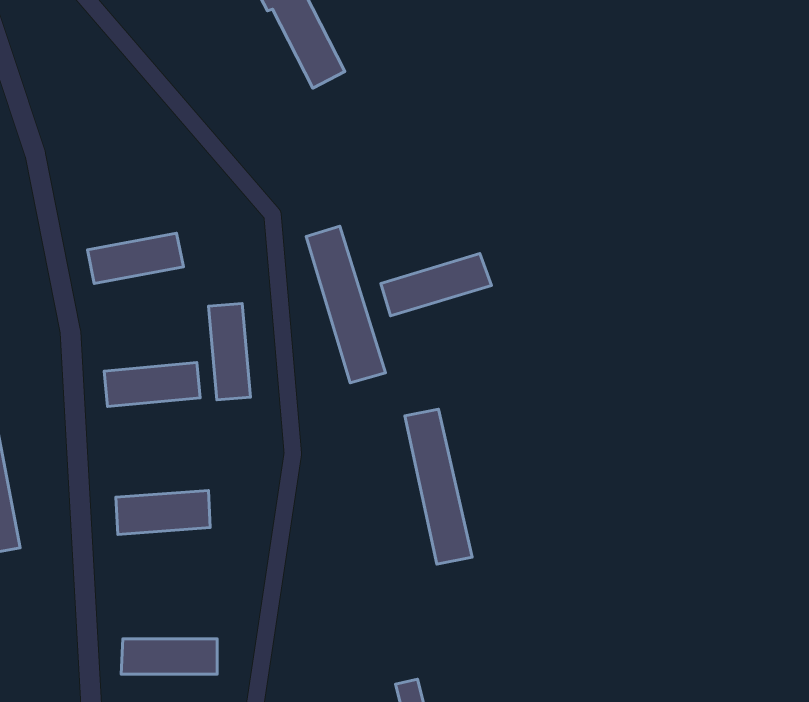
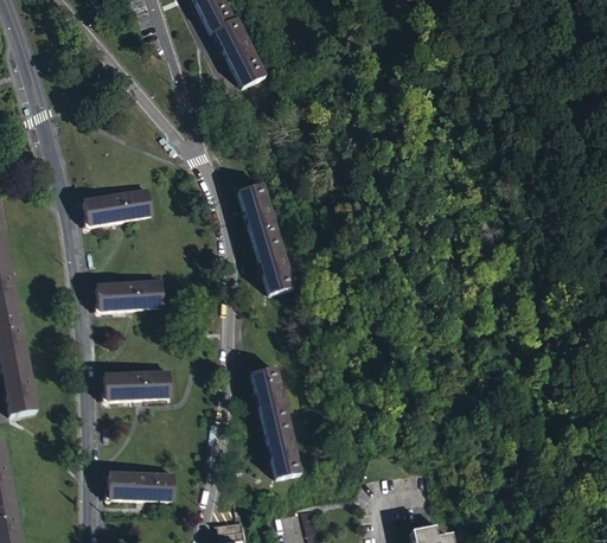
building: [381,254,491,316] -> none
building: [208,304,251,400] -> none
building: [405,409,472,564] -> [253,368,300,477]

